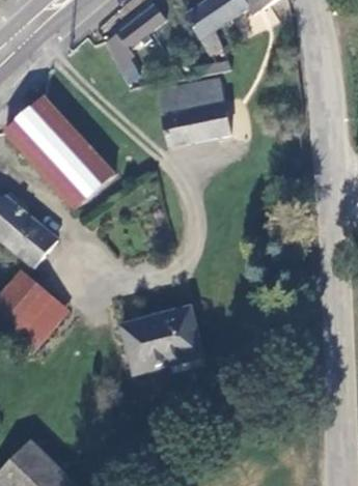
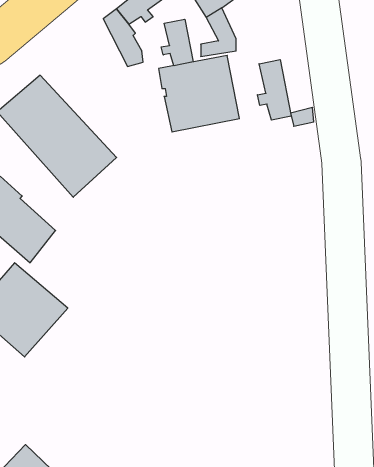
building: none -> [161,19,193,66]
building: none -> [257,60,291,120]
building: [118,306,204,377] -> none

